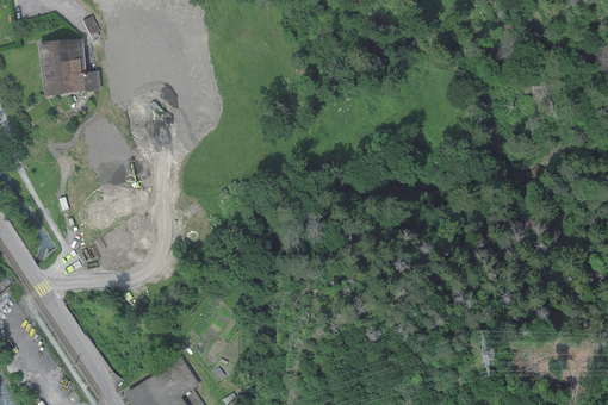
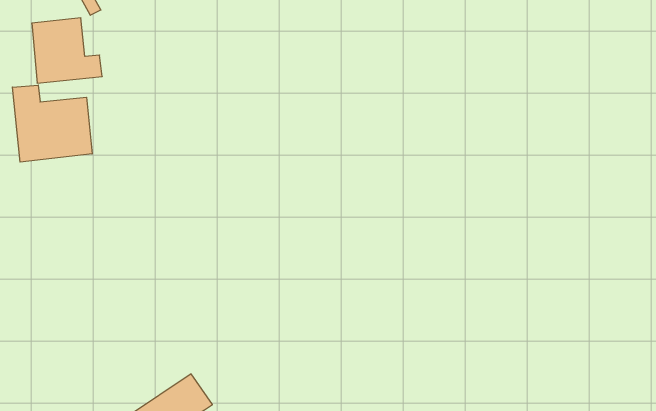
building: none -> [12,85,92,162]

